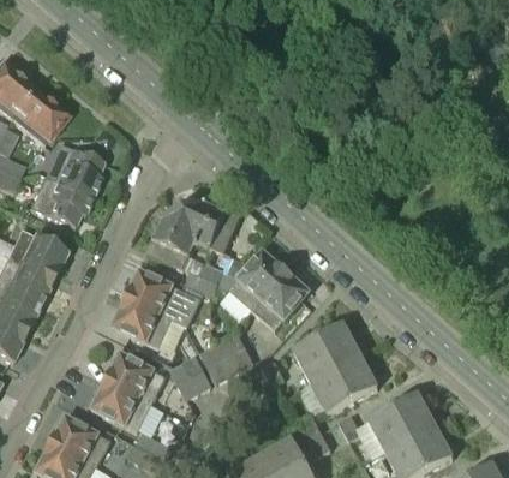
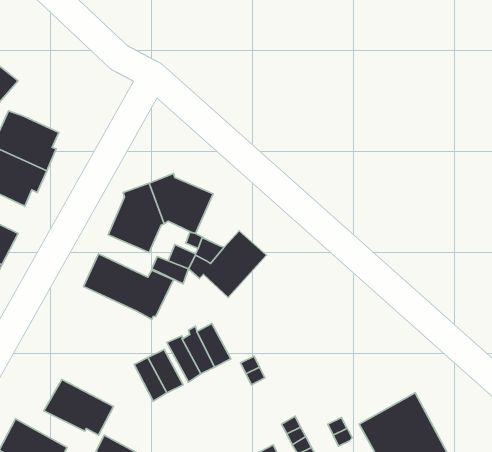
building: [252,270,309,328] -> none
building: [112,298,172,346] -> none
building: [293,322,377,413] -> none
building: [106,351,166,404] -> none

